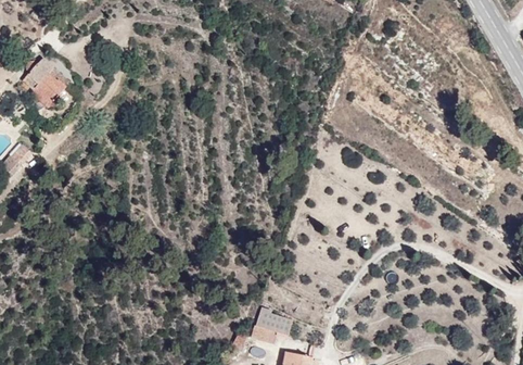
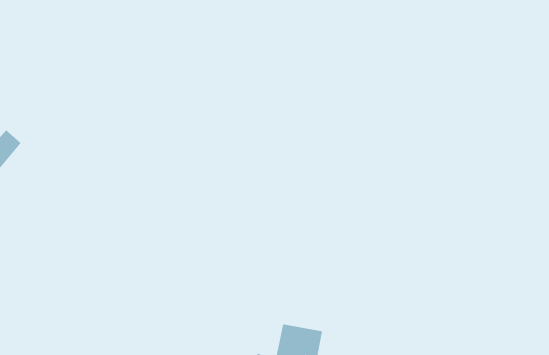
building: [24,68,61,110] -> none

